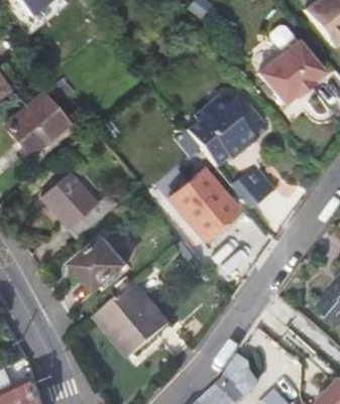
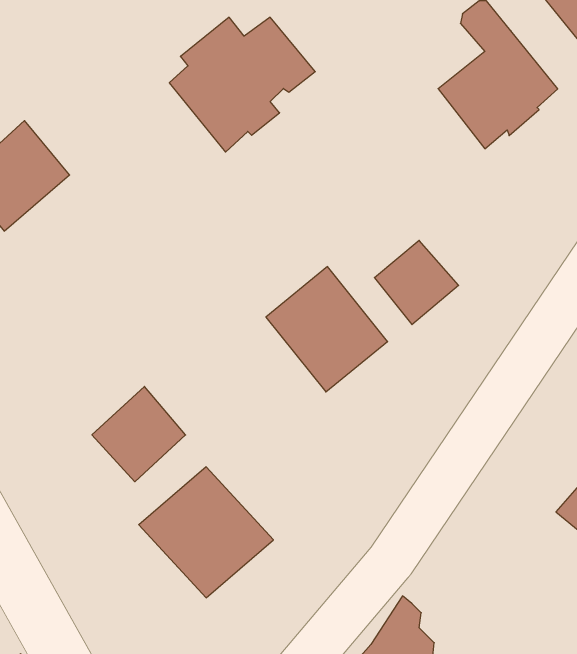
building: [185,91,263,163] -> [169,17,315,152]
building: [39,175,101,242] -> none

